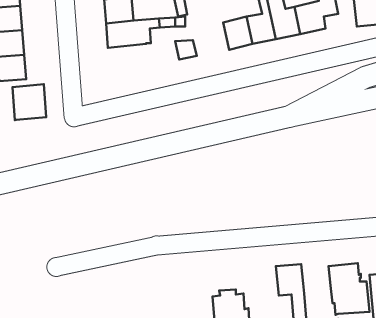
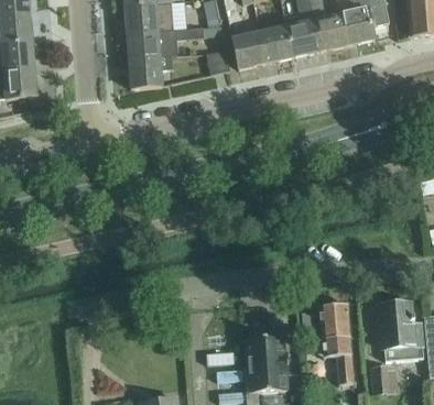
building: none -> [232,33,265,69]
building: none -> [129,57,173,89]
building: [13,84,46,120] -> none

